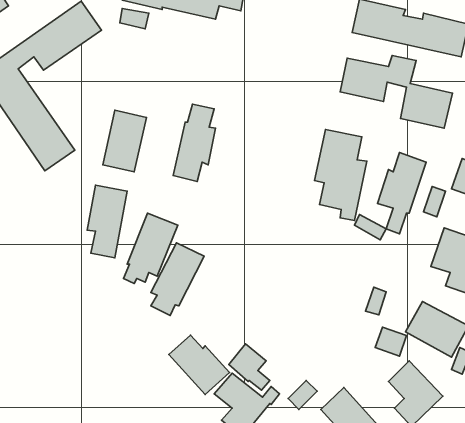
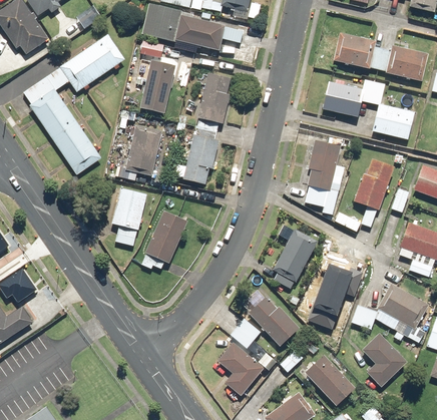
building: none -> [141,59,174,111]
building: none -> [199,72,230,122]
building: [151,243,204,316] -> [274,229,318,289]
building: none -> [312,271,343,320]
building: [169,335,229,394] -> [249,297,299,346]

